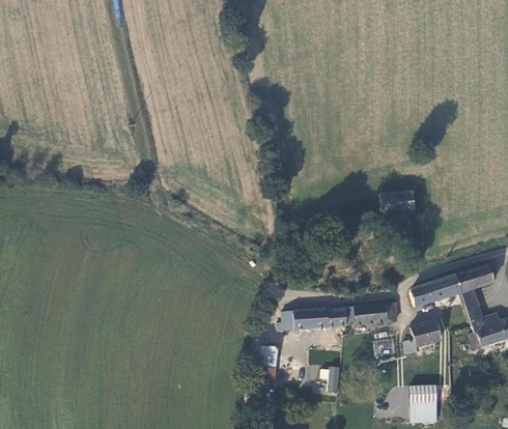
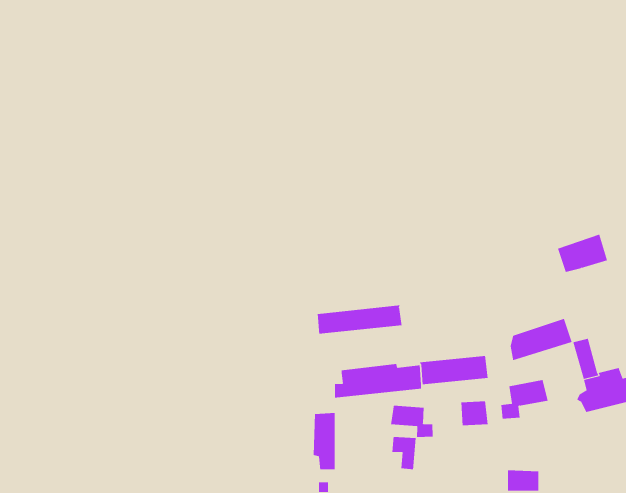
building: [380,189,415,214] -> none
building: [455,262,495,292] -> [557,234,608,272]
building: none -> [317,305,402,335]
building: none -> [391,405,433,438]

